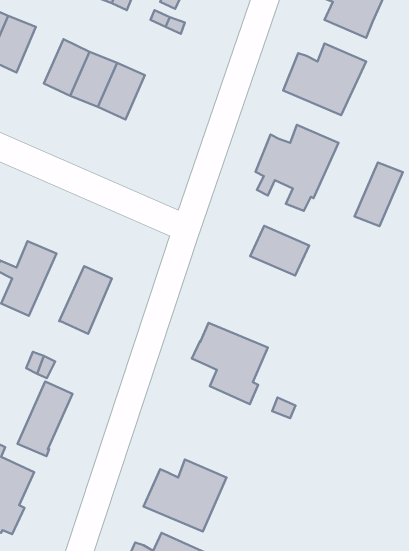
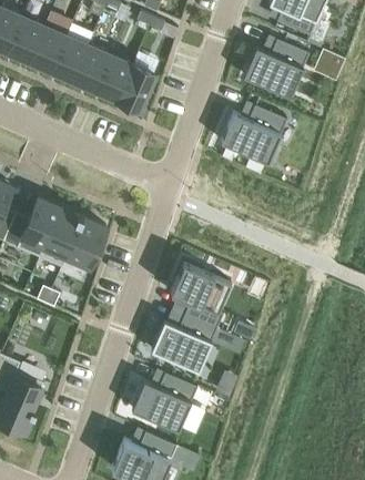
building: none -> [29,25,67,71]
building: none -> [116,64,155,110]
building: [354,162,403,226] -> none
building: [250,226,309,276] -> none
building: [17,382,73,456] -> [39,207,83,267]
building: none -> [151,314,216,370]

